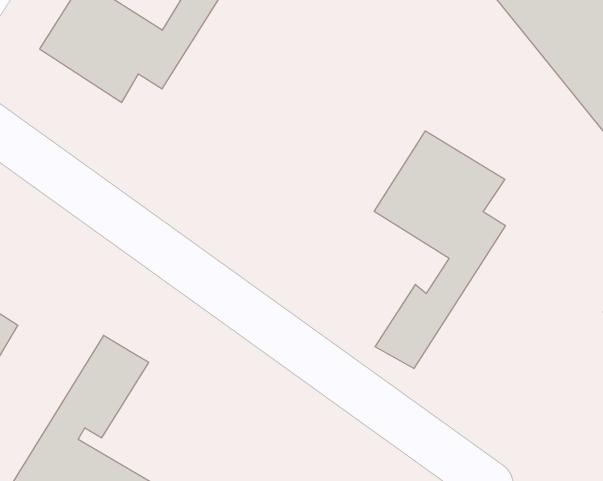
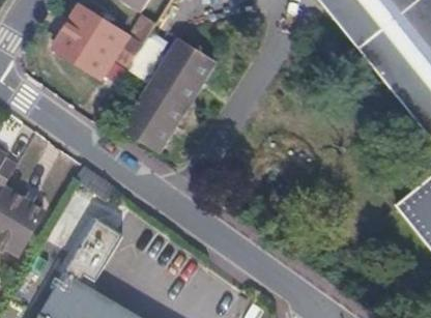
building: none -> [124,38,218,152]
building: [374,131,505,369] -> none

